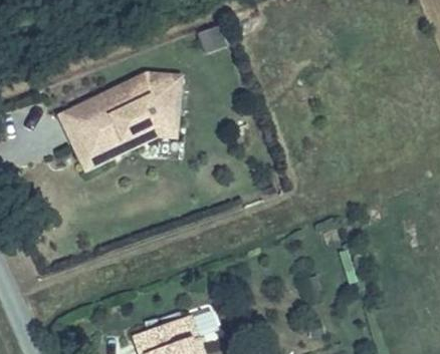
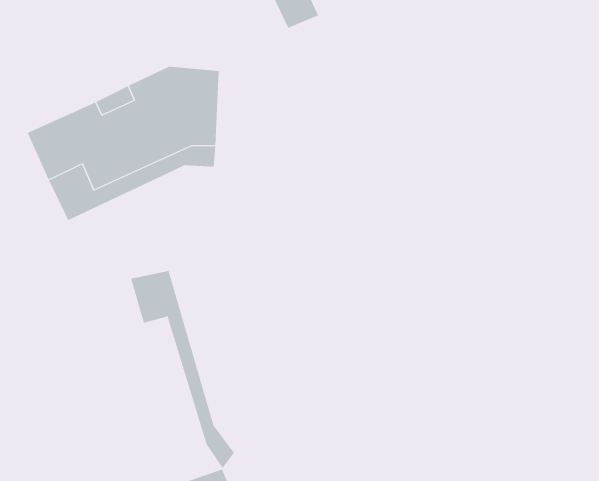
building: none -> [130,270,235,469]

